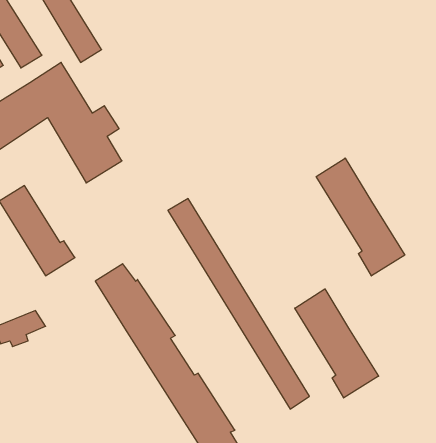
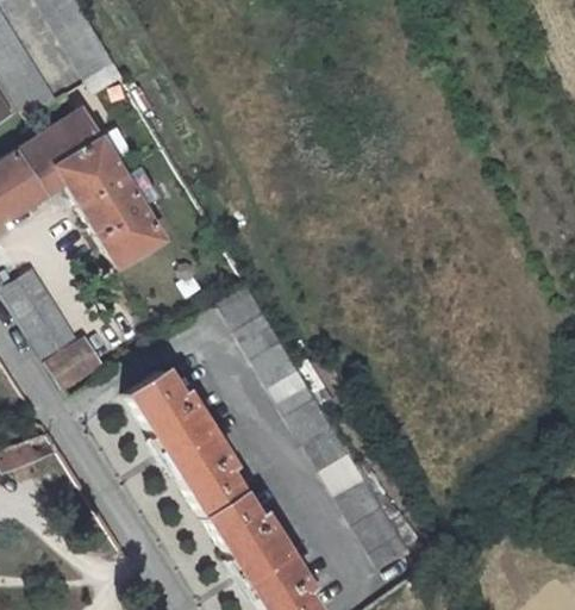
building: [316,158,405,276] -> none
building: [295,289,379,398] -> none

